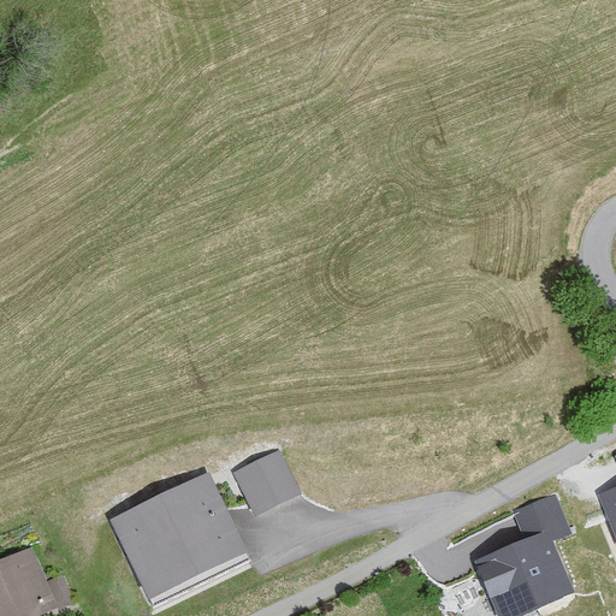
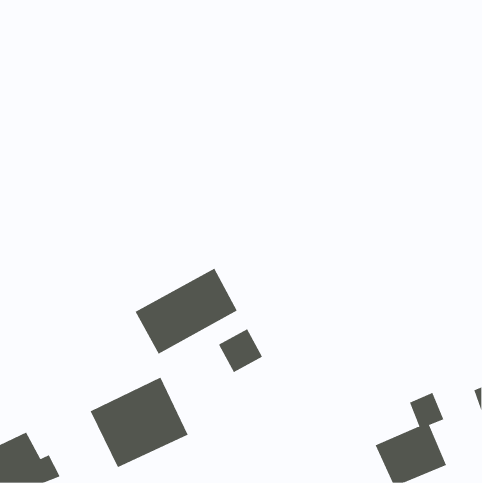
building: none -> [135,268,238,355]
building: [237,454,294,510] -> [218,328,263,373]

